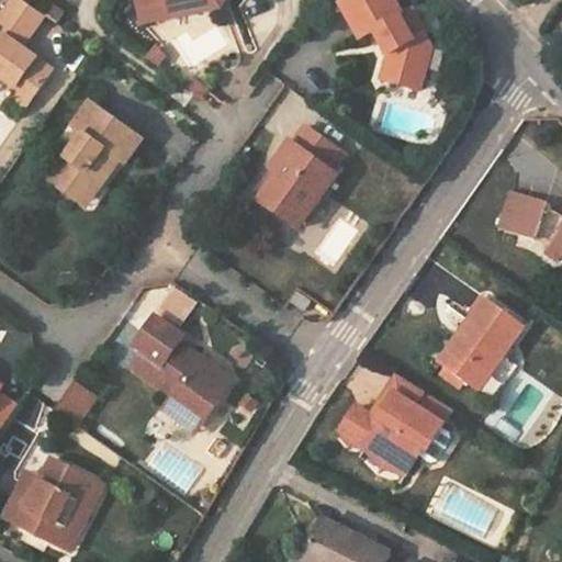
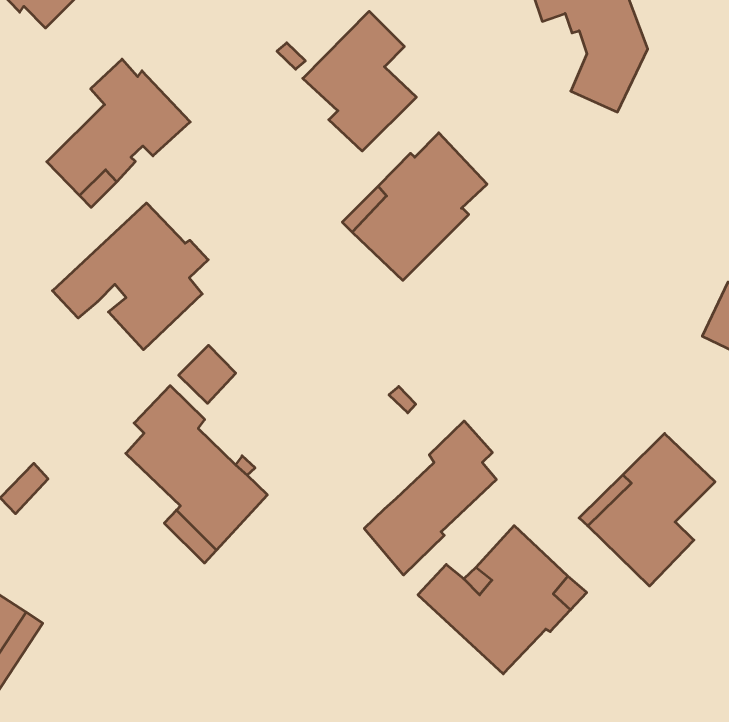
building: none -> [303,11,416,151]
building: none -> [52,203,208,350]
building: none -> [364,421,496,575]

